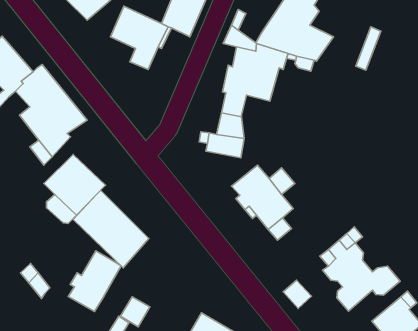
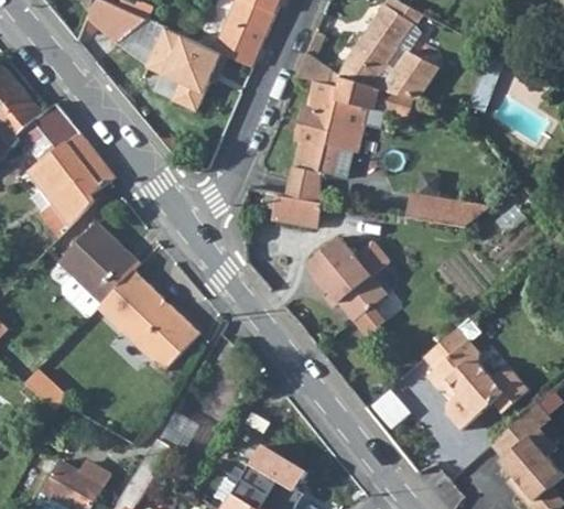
building: none -> [406,194,488,226]
building: [68,251,121,311] -> none

